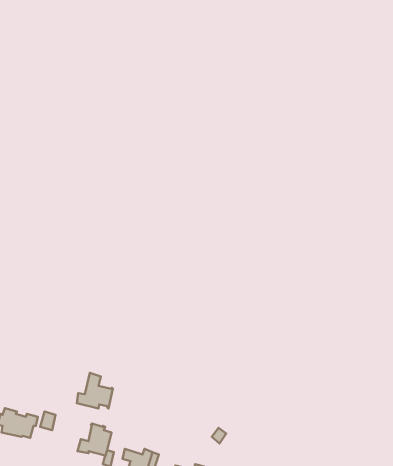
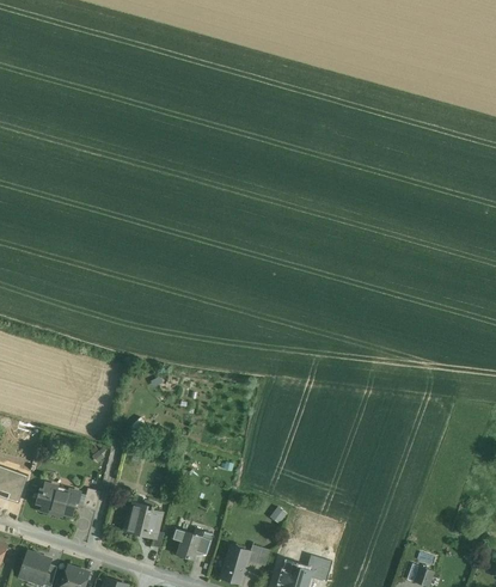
building: [77,373,113,409] -> none

